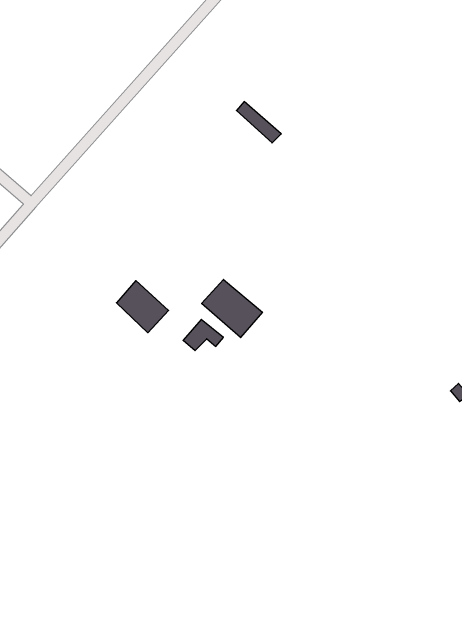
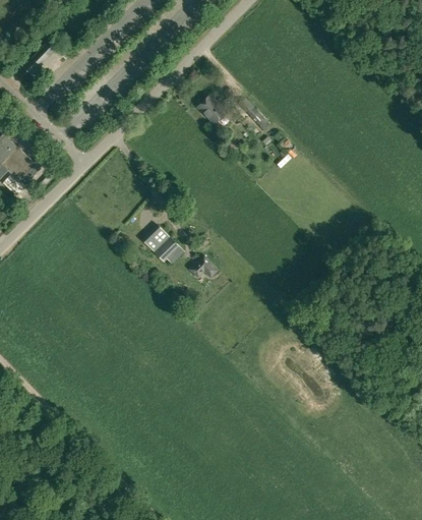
building: none -> [198,95,228,124]
building: [202,279,262,338] -> none

